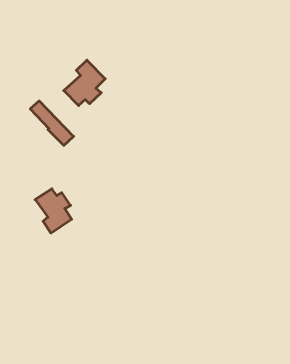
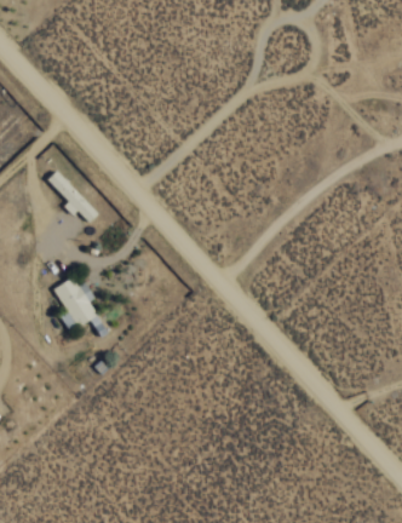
building: [64,60,105,106] -> none

